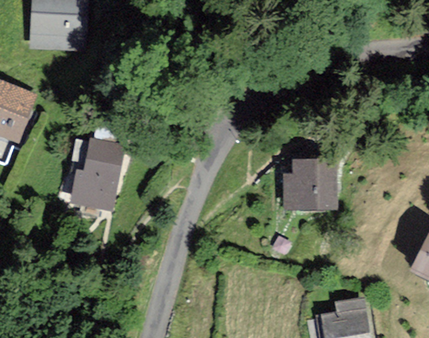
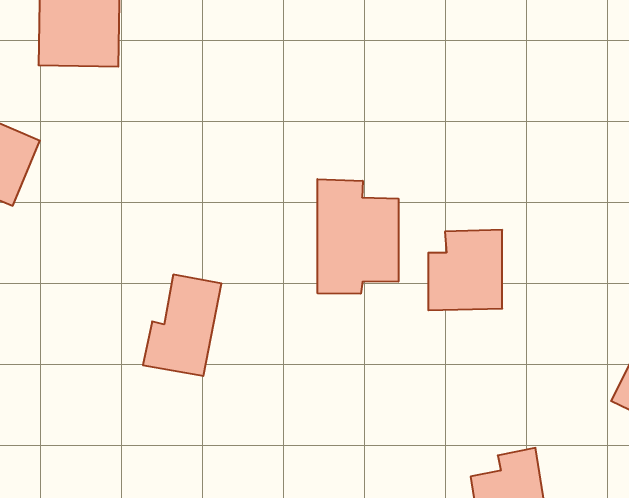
building: none -> [317,179,398,294]
building: [70,141,122,208] -> [143,275,222,376]

